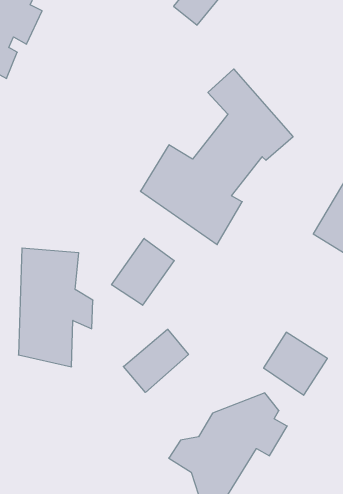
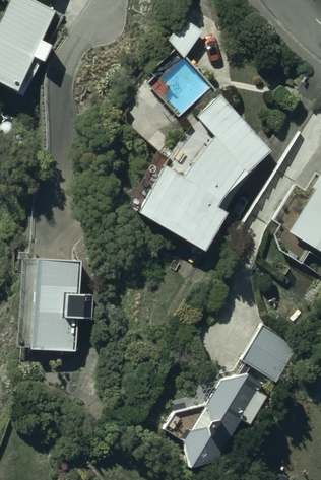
building: [112,238,174,305] -> none
building: [123,329,188,392] -> none

